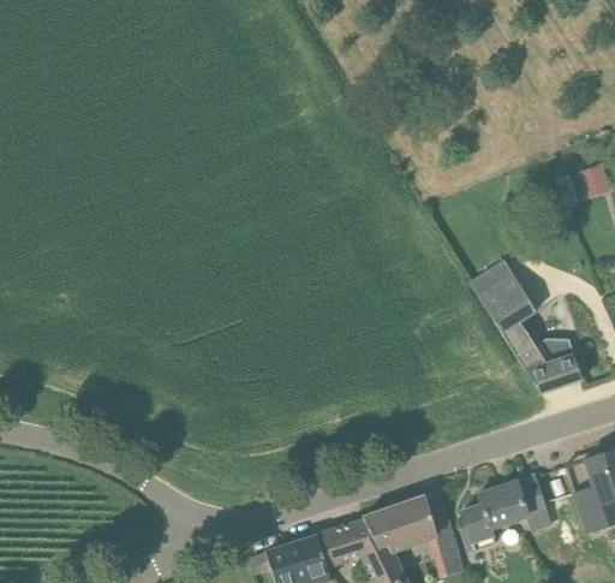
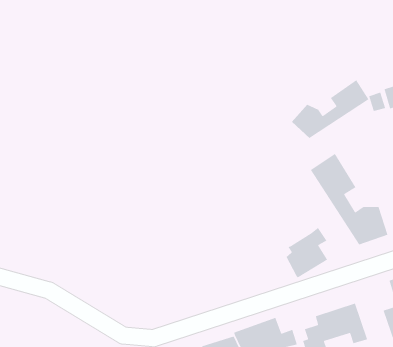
building: none -> [291,79,369,139]
building: none -> [286,227,328,279]

